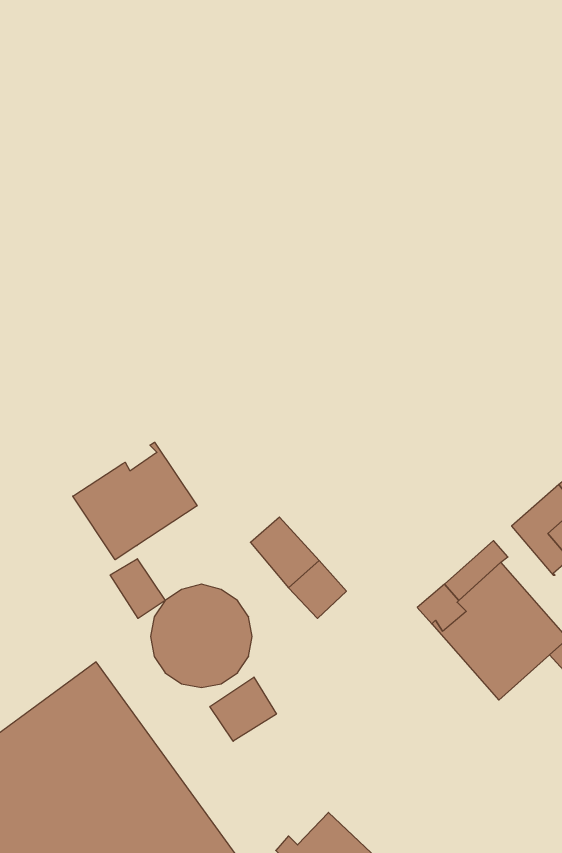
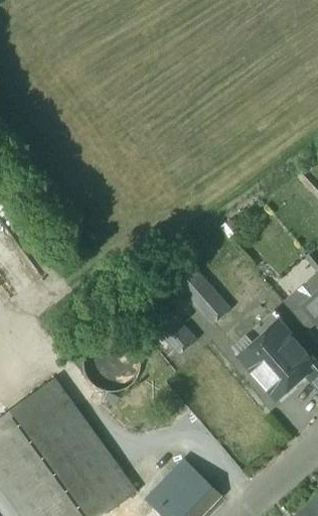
building: [73,442,197,560] -> none
building: none -> [175,266,228,324]
building: [110,559,165,618] -> none
building: [210,677,276,741] -> none

